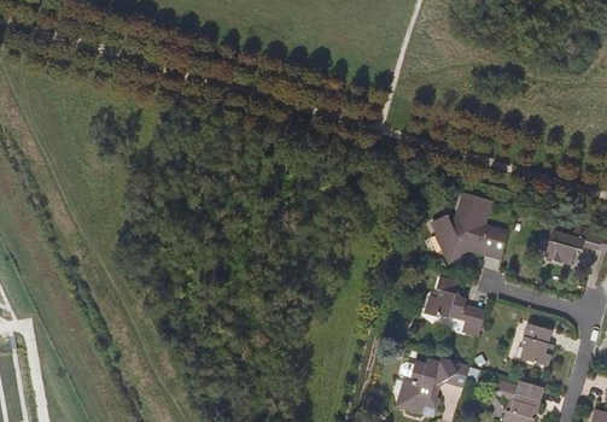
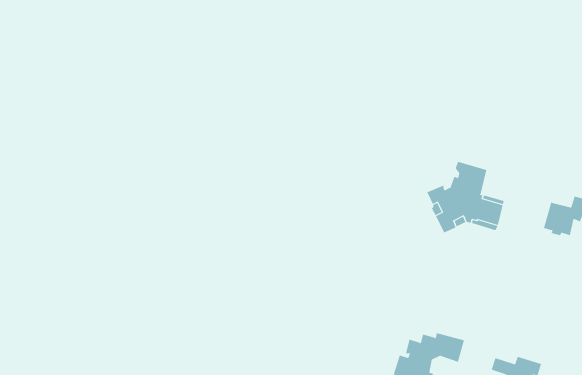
building: [425,276,484,327] -> none
building: [520,322,550,365] -> none

